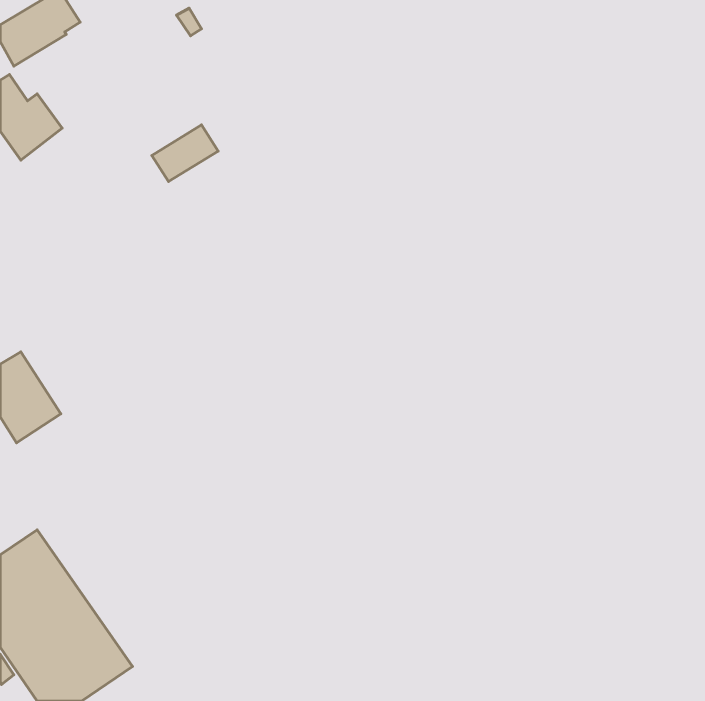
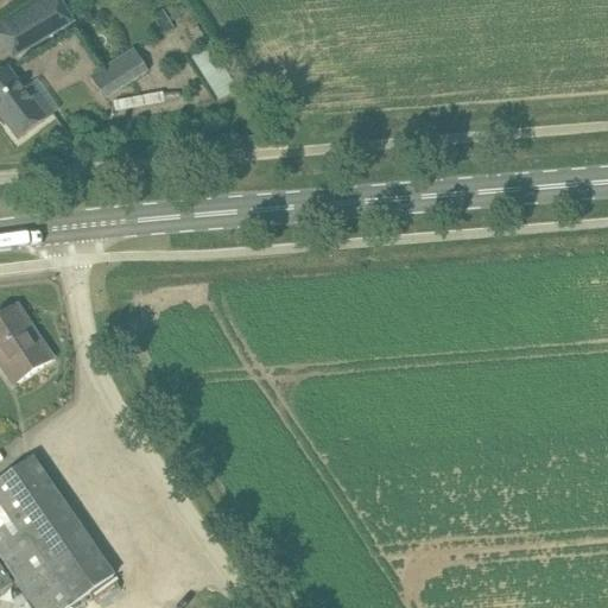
building: [152,125,218,182] -> [90,48,147,96]

